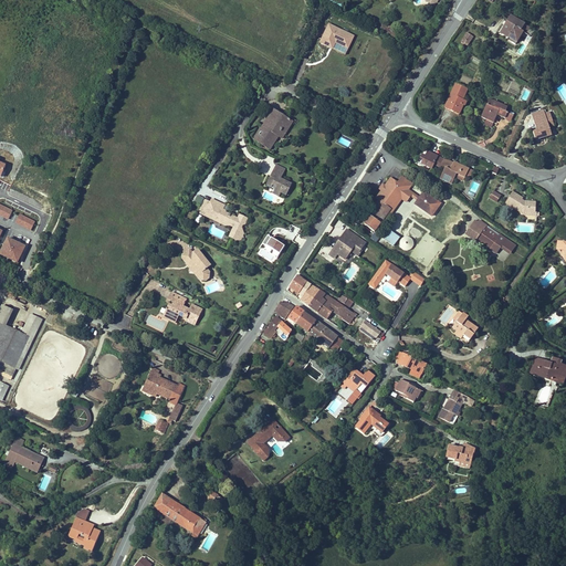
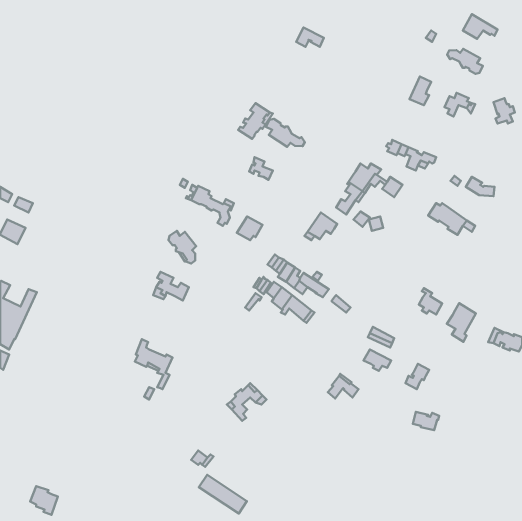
building: none -> [447,49,483,74]
building: none -> [266,119,305,147]
building: [368,261,410,287] -> none
building: none -> [447,303,476,342]
building: [339,369,373,401] -> none
building: [4,434,45,470] -> none
building: [154,493,206,535] -> [199,475,247,514]
building: [69,517,98,548] -> [30,486,58,515]

